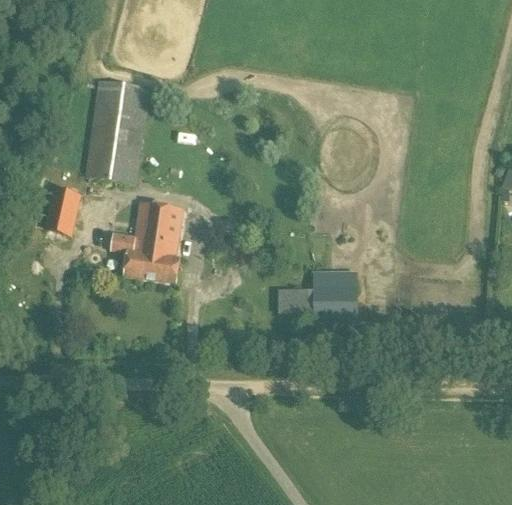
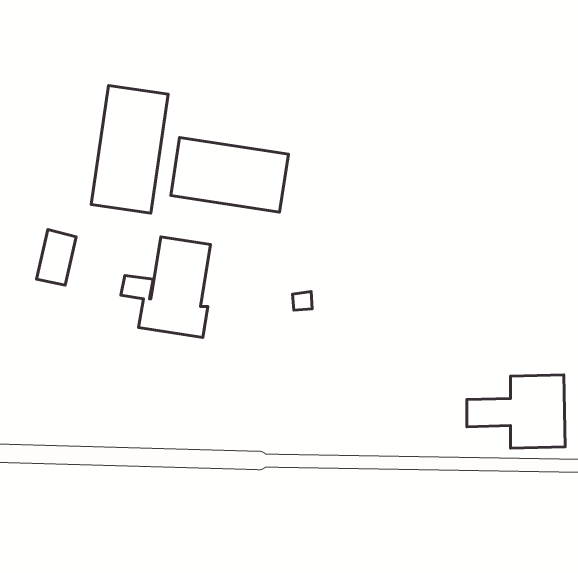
building: none -> [171,137,288,212]
building: [279,269,358,328] -> [467,375,565,448]

